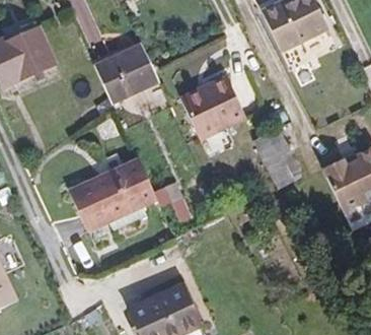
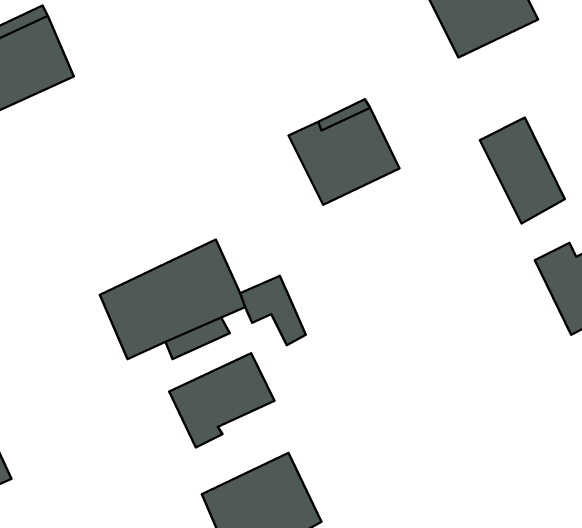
building: [94,45,158,103] -> none
building: [252,127,302,189] -> [480,118,565,223]
building: none -> [169,353,274,447]

